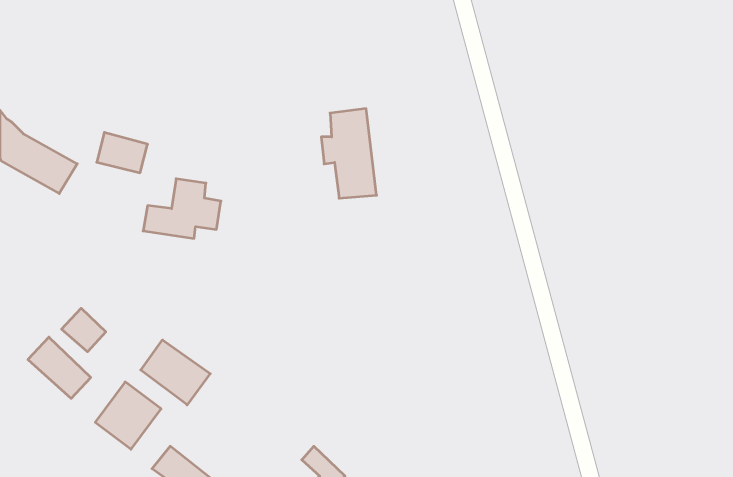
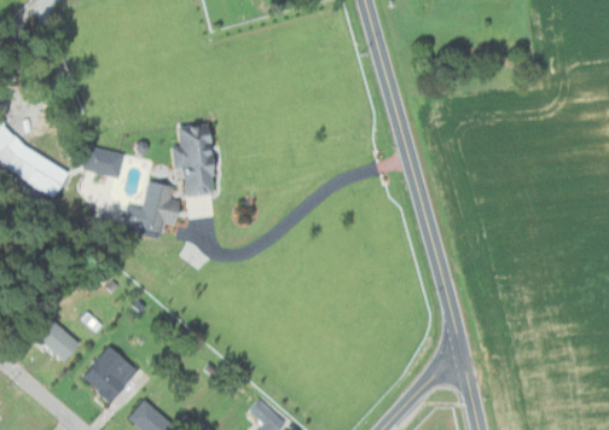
building: [321,109,377,198] -> [169,123,214,196]
building: [62,308,106,352] -> none
building: [141,340,210,405] -> none

